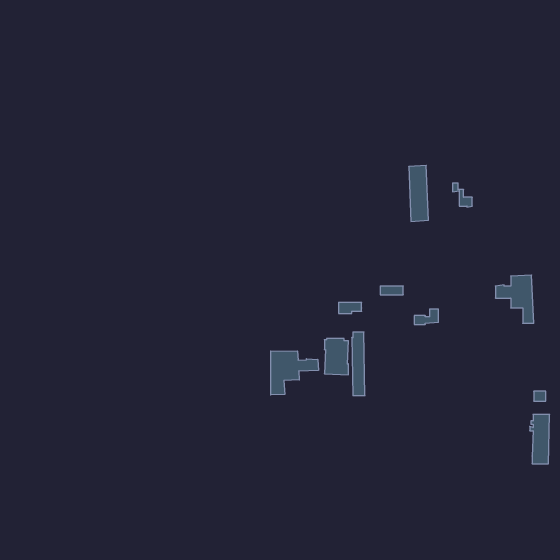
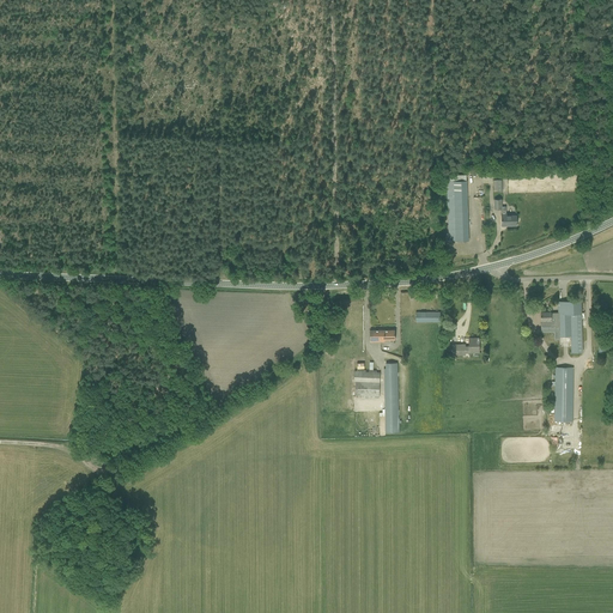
building: [271,351,318,395] -> none
building: [530,414,550,464] -> [552,368,573,421]

